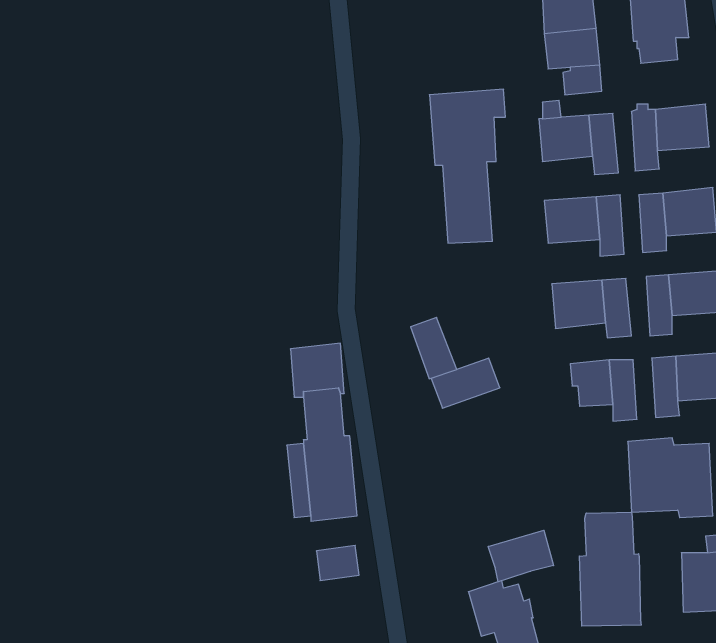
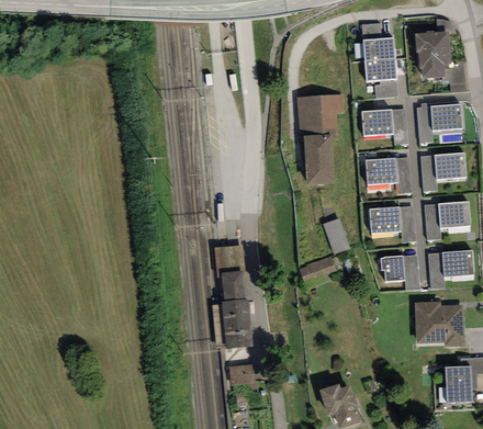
building: [411,317,457,379] -> [323,216,350,252]
building: [579,512,641,626] -> none
building: [488,530,554,582] -> none

